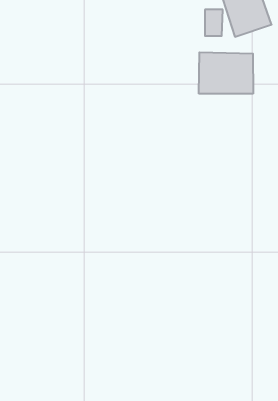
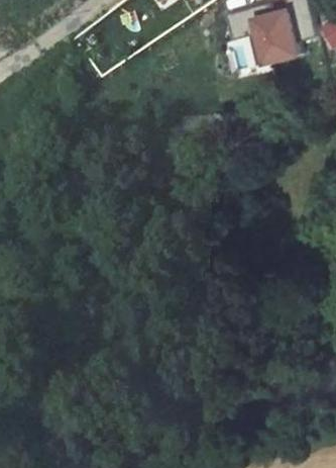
building: [199,52,253,94] -> none

